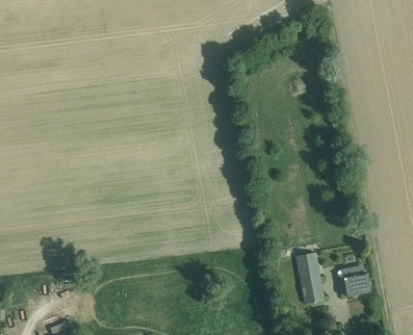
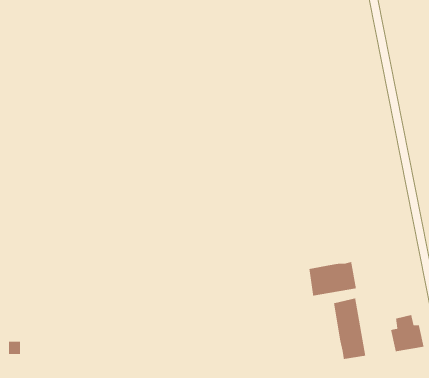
building: none -> [309,261,357,296]

